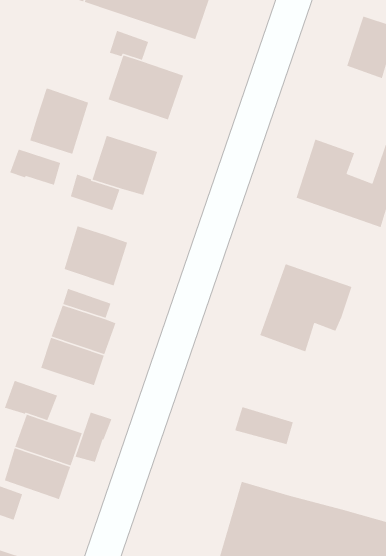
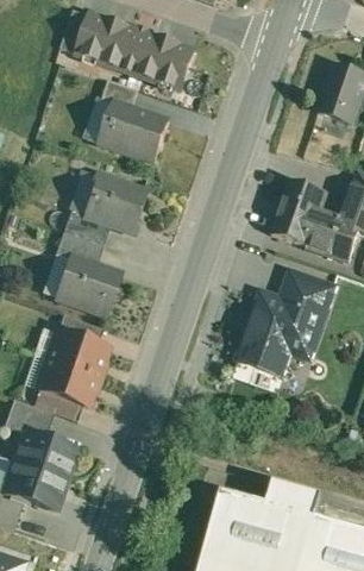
building: [29,88,89,155] -> none
building: [9,148,61,186] -> [57,231,105,265]
building: none -> [290,274,334,313]
building: [234,406,294,445] -> [268,482,322,517]
building: [75,412,112,463] -> none

